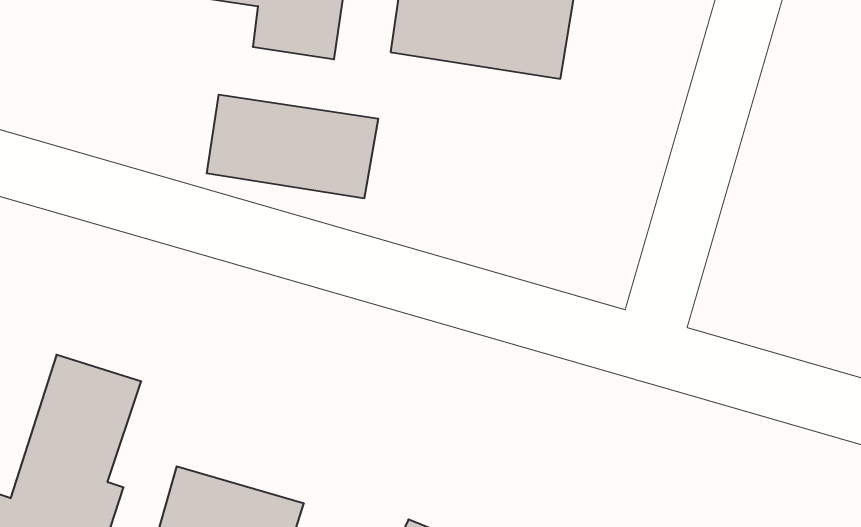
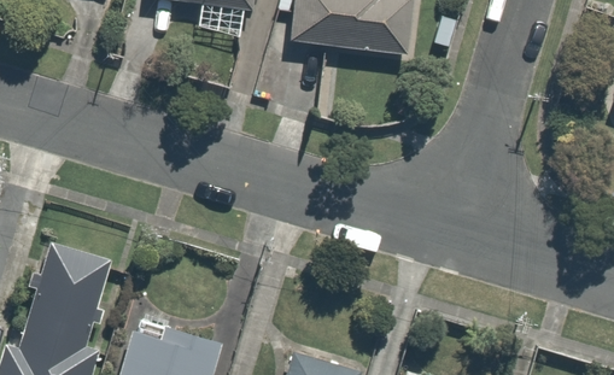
building: [207,95,378,198] -> none

